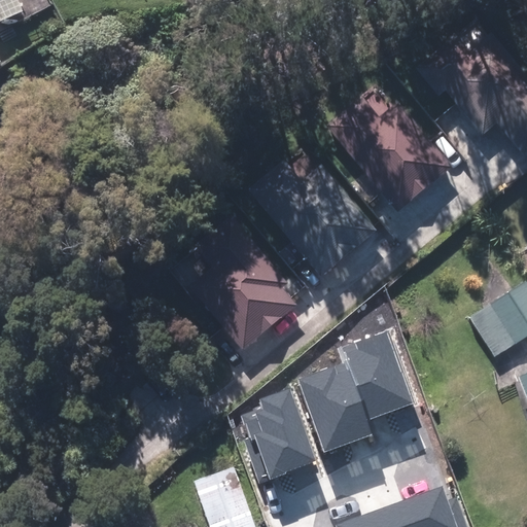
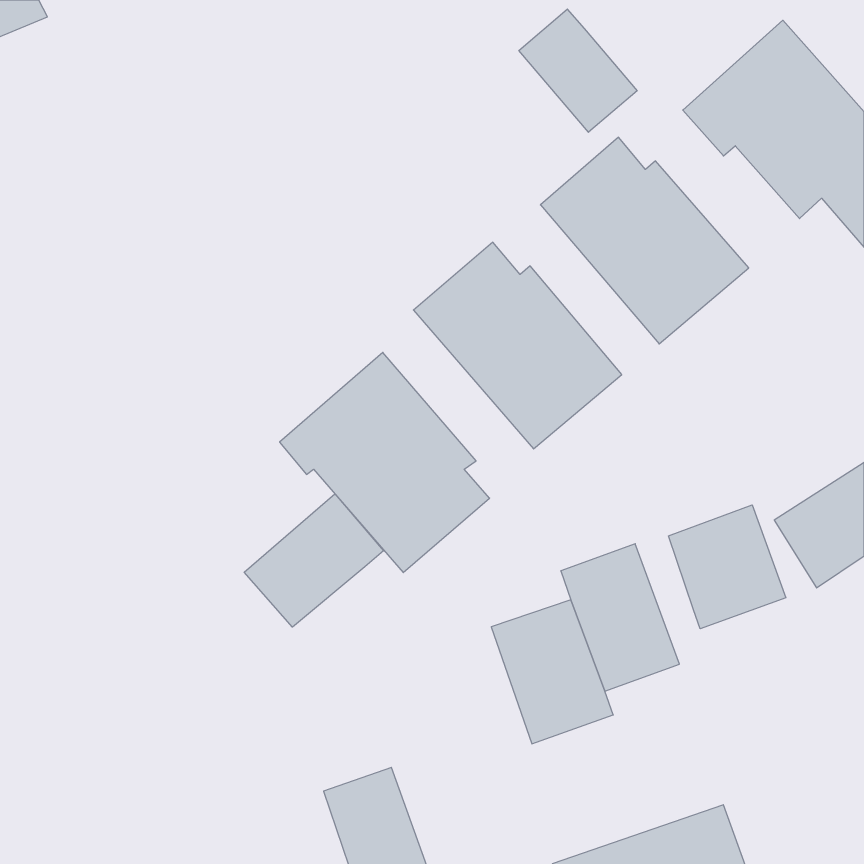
building: none -> [519,9,637,132]
building: none -> [244,494,383,627]
building: none -> [669,505,786,629]
building: [241,390,314,484] -> none

